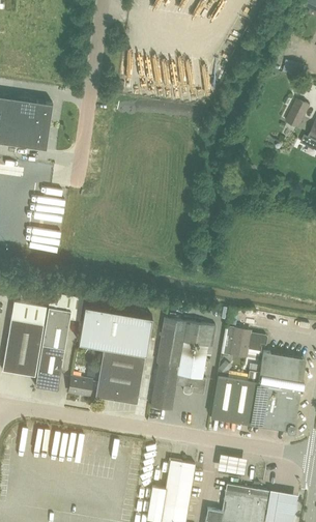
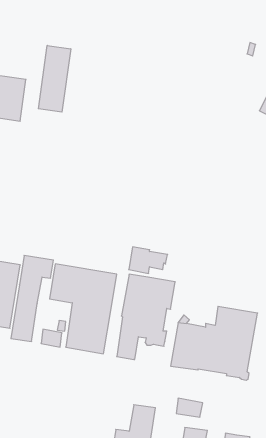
building: none -> [38,45,71,112]
building: [285,99,310,128] -> none
building: [224,328,266,357] -> [129,247,168,273]

